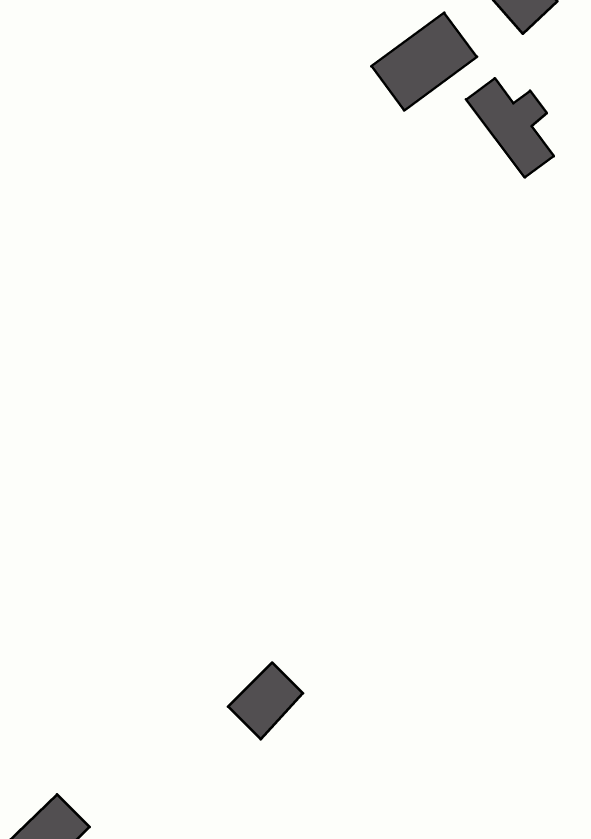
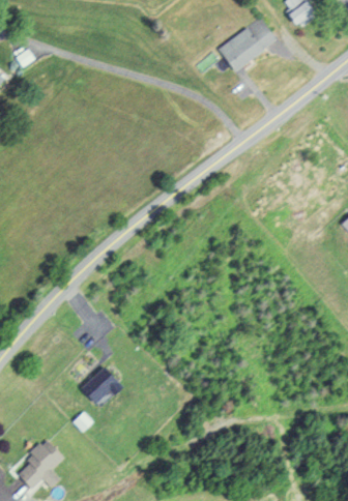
building: [466,78,554,177] -> none
building: [228,663,303,739] -> [82,365,122,407]

